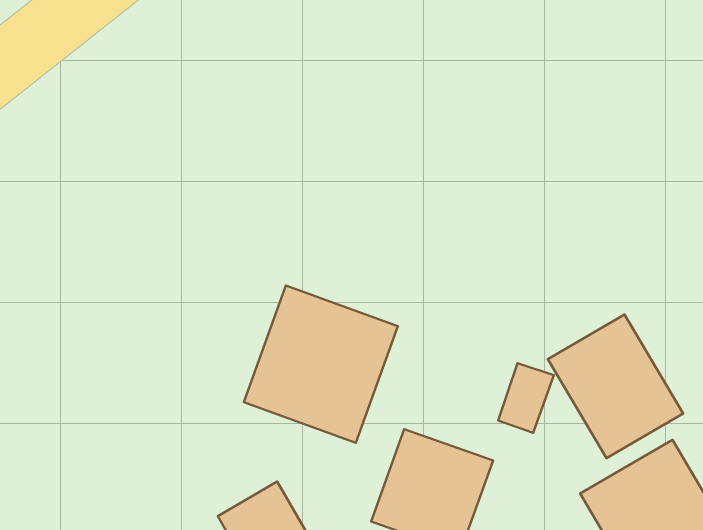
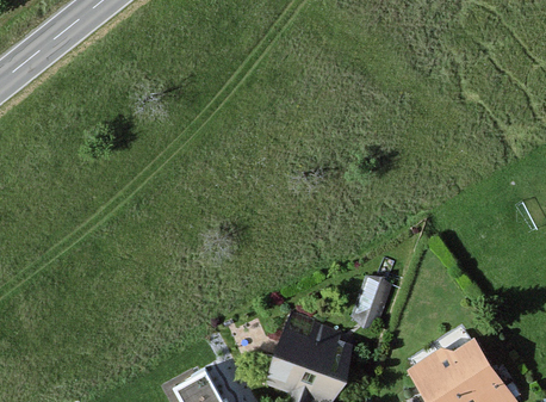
building: [244,285,398,443] -> none
building: [548,314,683,458] -> none

